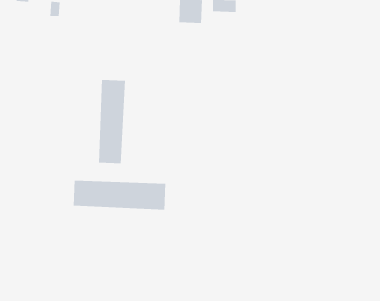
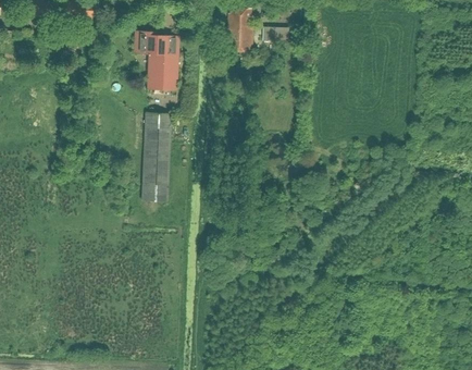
building: none -> [139,32,179,90]
building: [73,180,166,211] -> none

